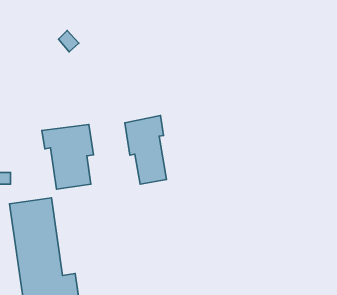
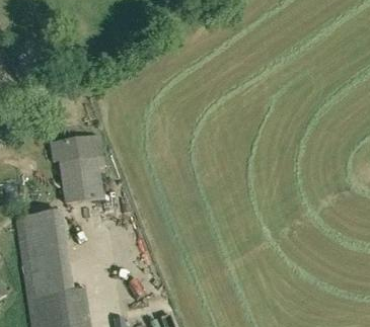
building: [125,116,166,184] -> none

